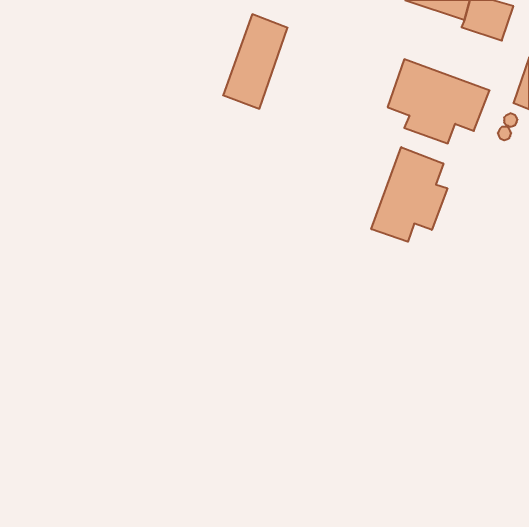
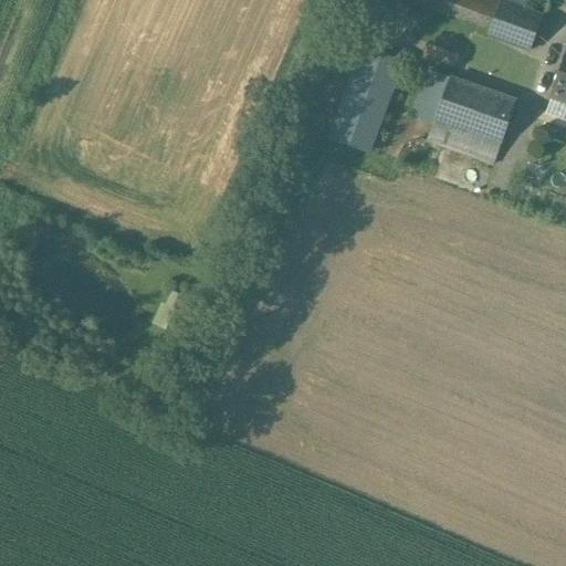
building: [223,14,288,109] -> [333,49,401,149]
building: [371,147,447,242] -> none

